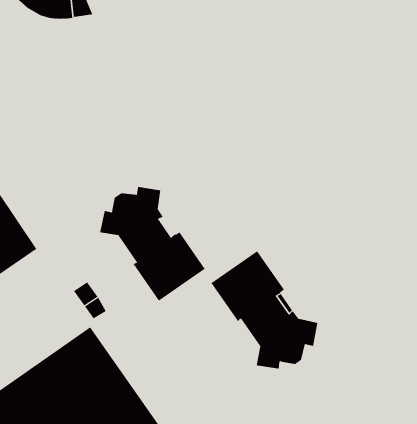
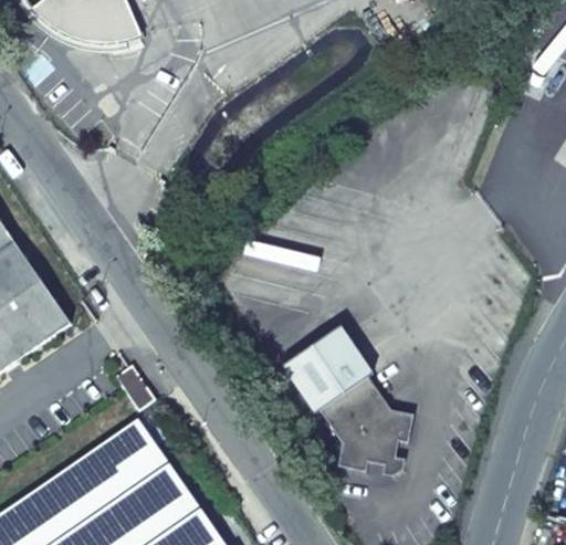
building: [99,186,205,302] -> none

